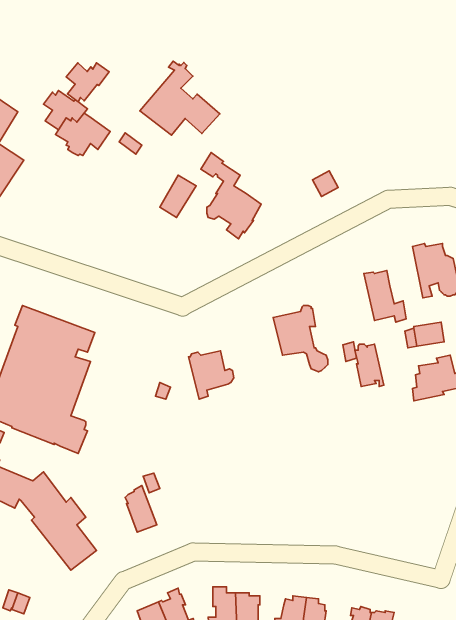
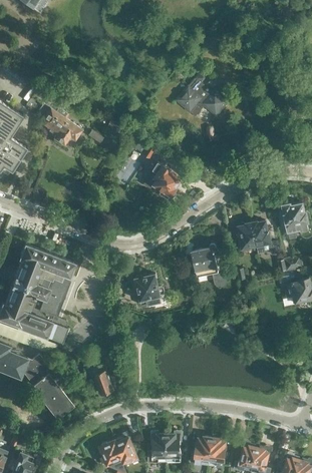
building: [140,61,220,135] -> [176,68,229,117]
building: [66,63,109,102] -> none
building: [355,344,384,387] -> [237,223,256,252]

